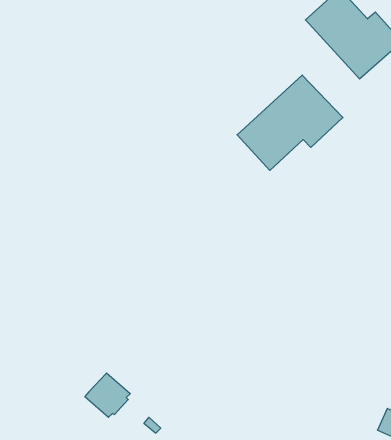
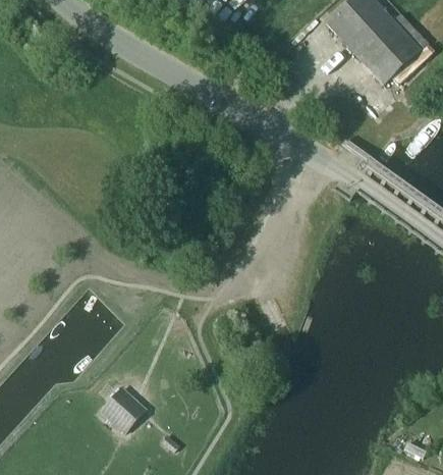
building: [237,75,343,170] -> none

